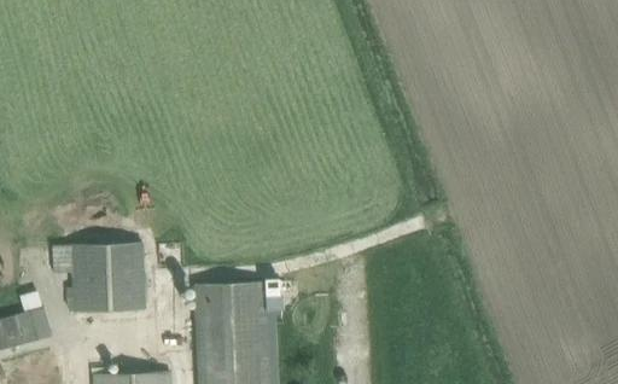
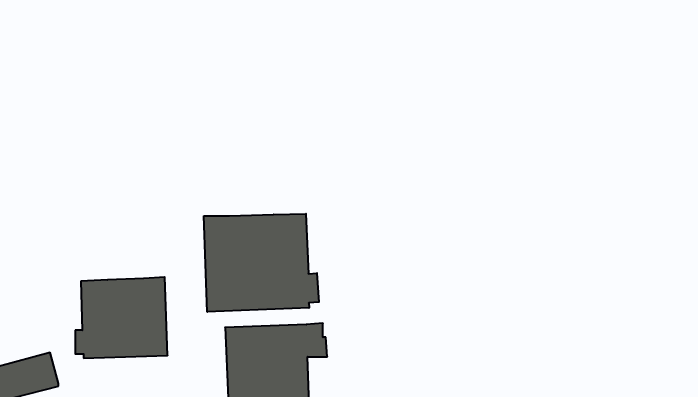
building: none -> [204,214,319,312]

